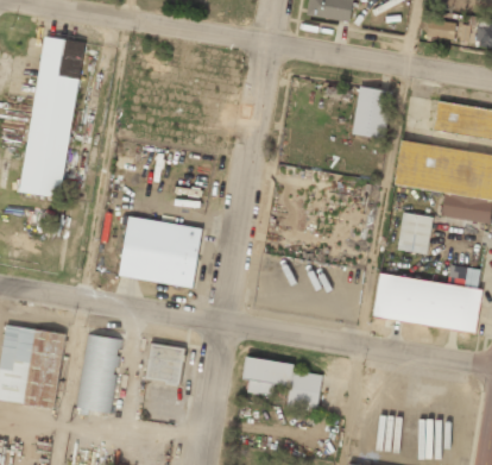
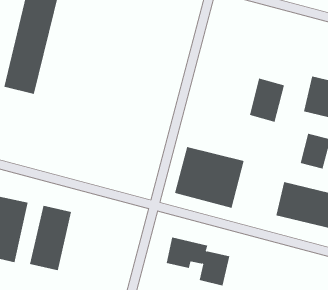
building: [352,84,392,138] -> [249,78,285,123]
building: [119,218,202,289] -> [174,146,245,209]
building: [145,343,185,385] -> none

